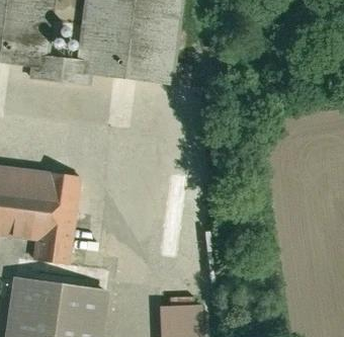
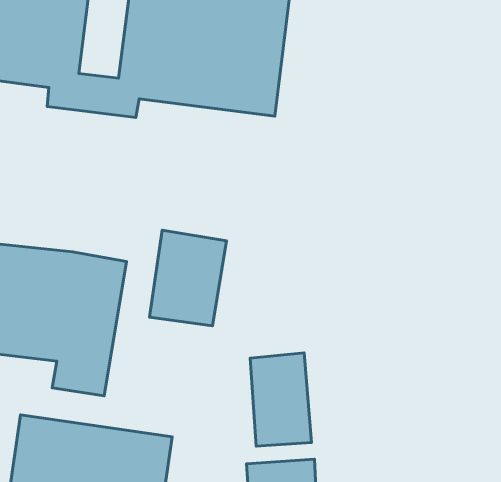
building: none -> [150,230,227,326]
building: none -> [250,353,312,446]

